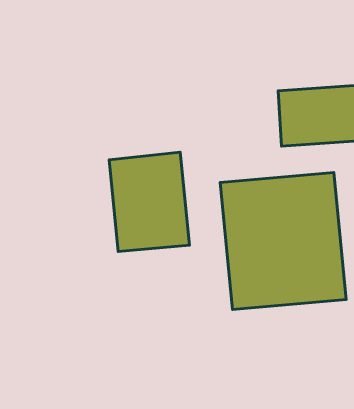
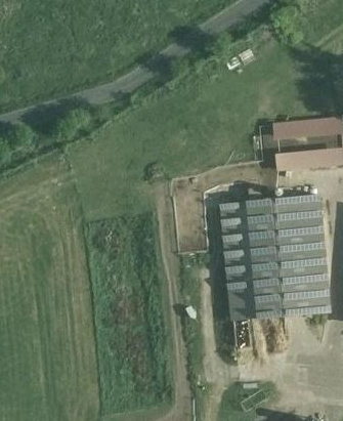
building: [109,152,189,251] -> none

